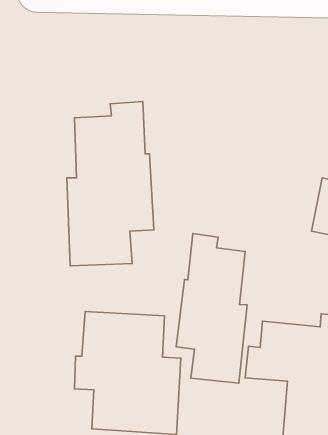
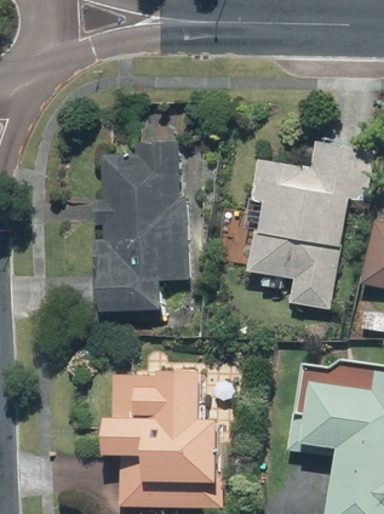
building: none -> [231,142,353,305]
building: [176,234,247,383] -> none

